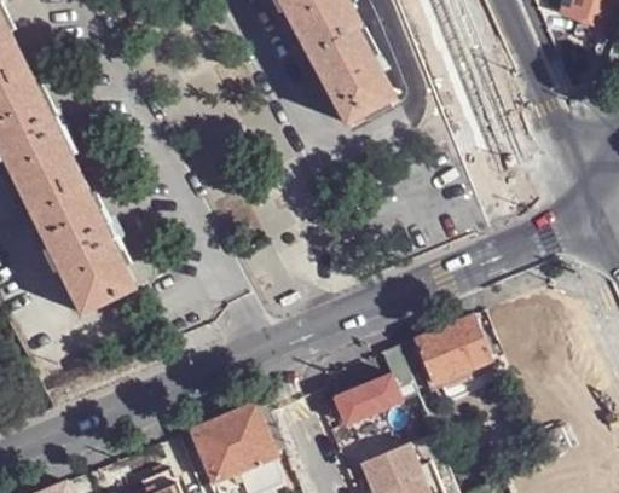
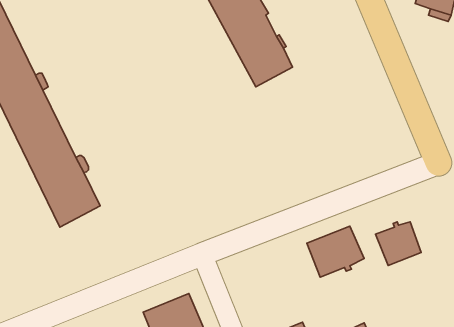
building: none -> [376,222,421,266]
building: [328,344,412,424] -> none

